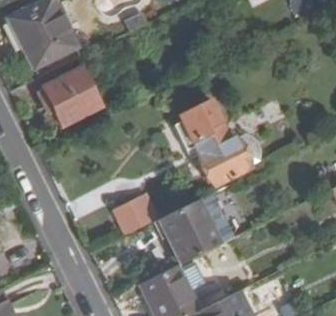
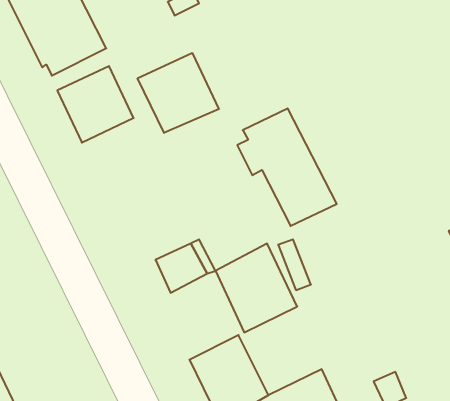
building: none -> [138,53,219,133]

